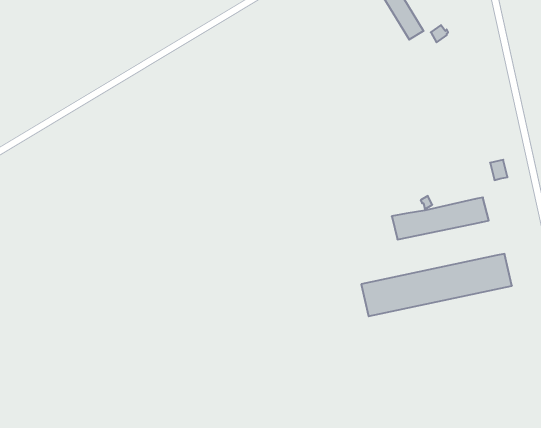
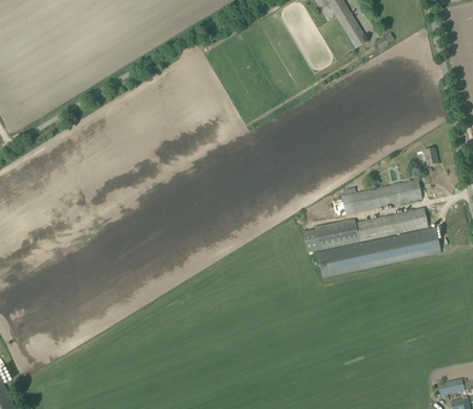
building: none -> [303,208,428,251]

